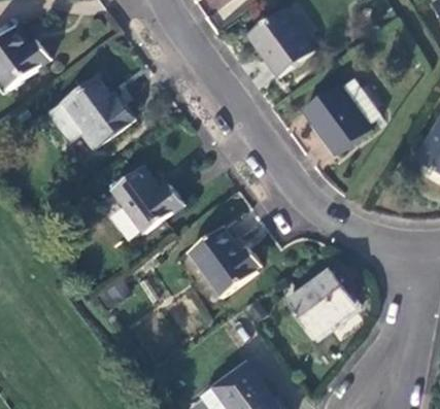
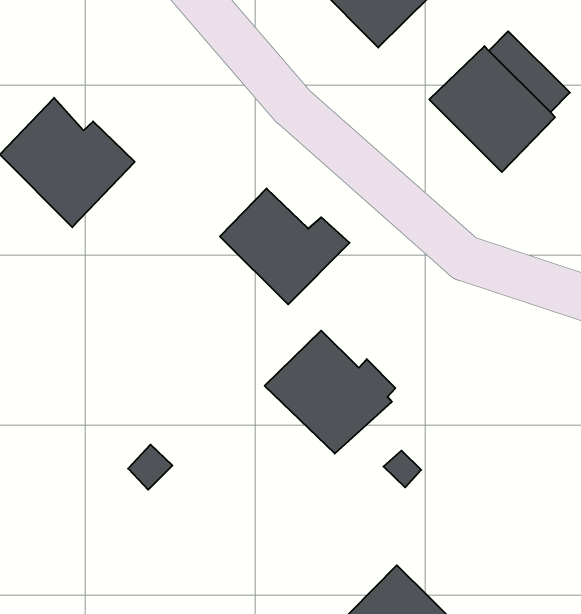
building: [111,165,182,231] -> [220,188,350,304]
building: [285,270,352,338] -> none

